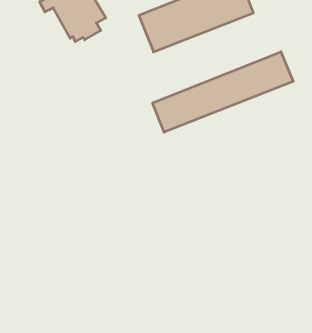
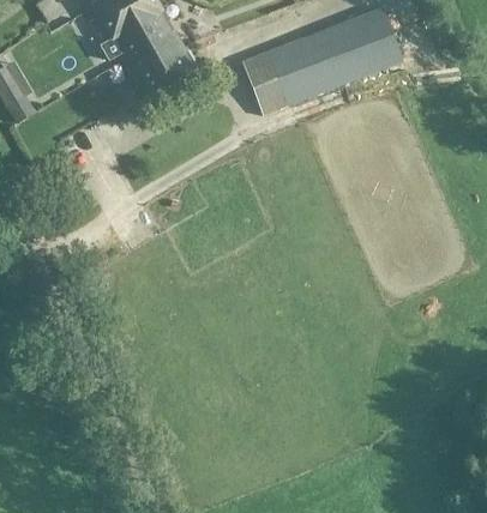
building: [153,52,293,132] -> none

